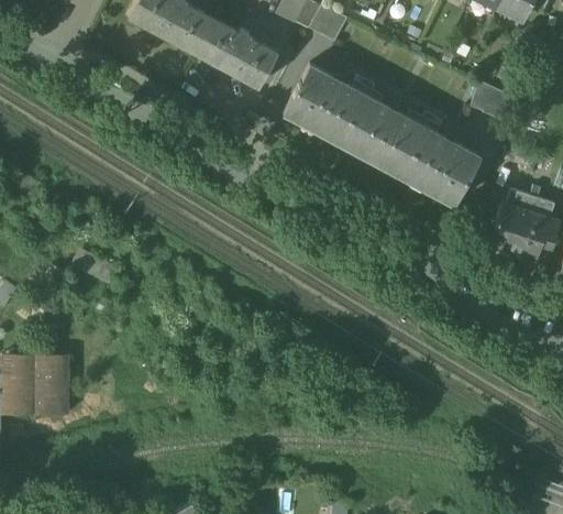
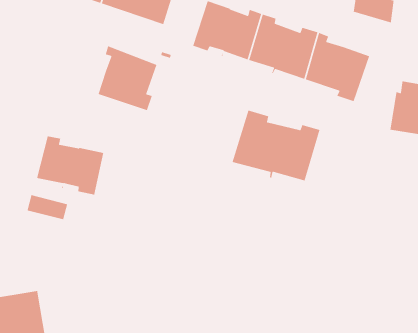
building: none -> [98,45,157,111]
building: none -> [36,136,104,196]
building: none -> [232,110,321,182]

